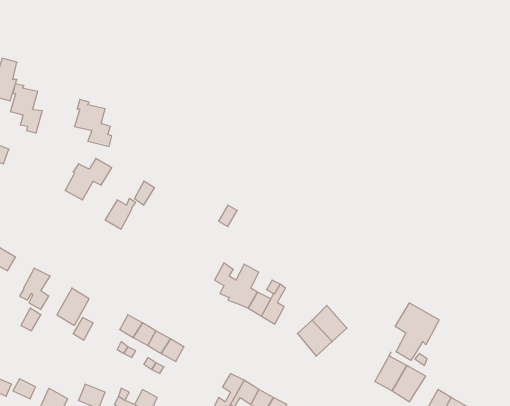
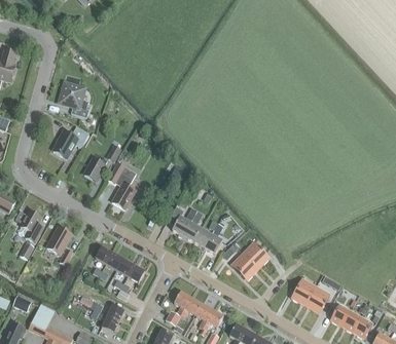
building: [10,84,42,133] -> none
building: none -> [107,162,136,209]
building: [395,303,439,360] -> none

